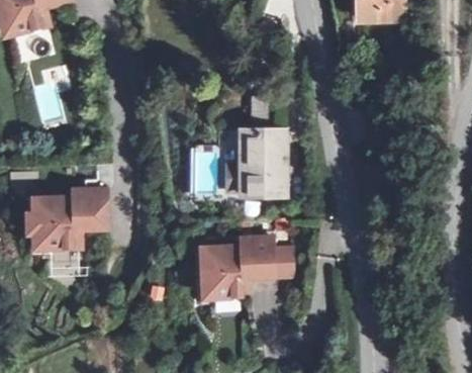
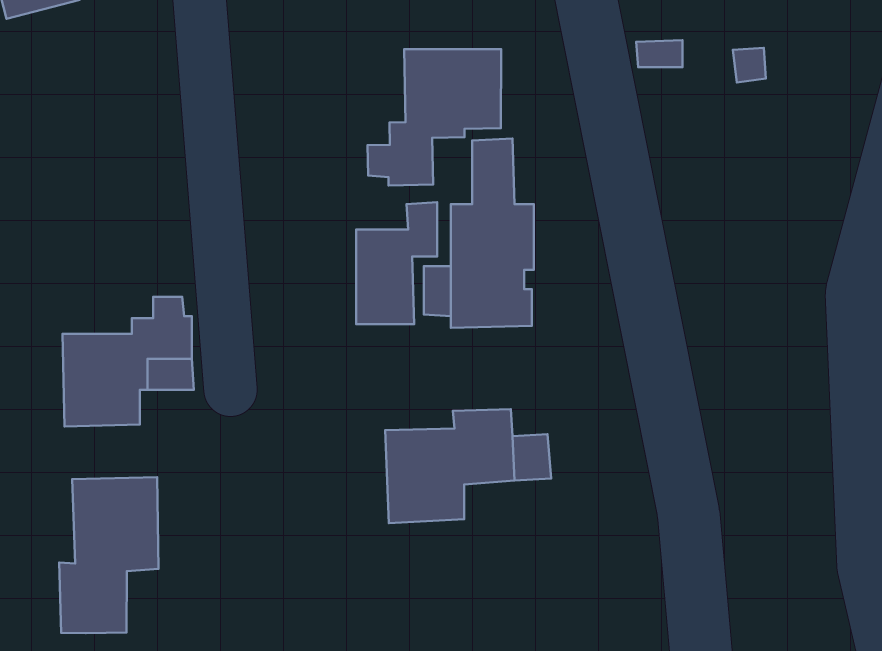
building: none -> [368,49,501,185]
building: none -> [59,477,158,633]

